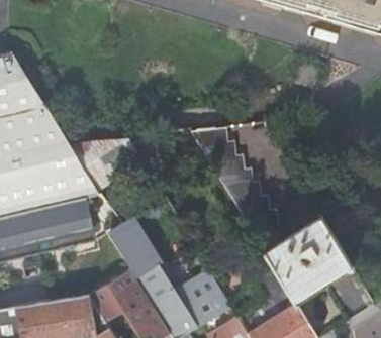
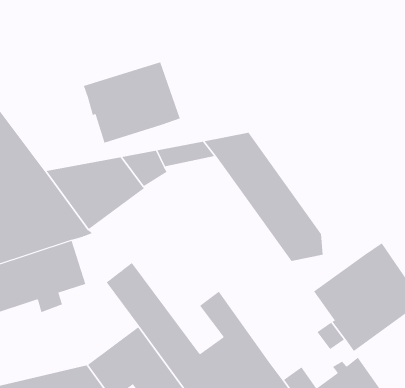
building: none -> [83,61,181,143]

